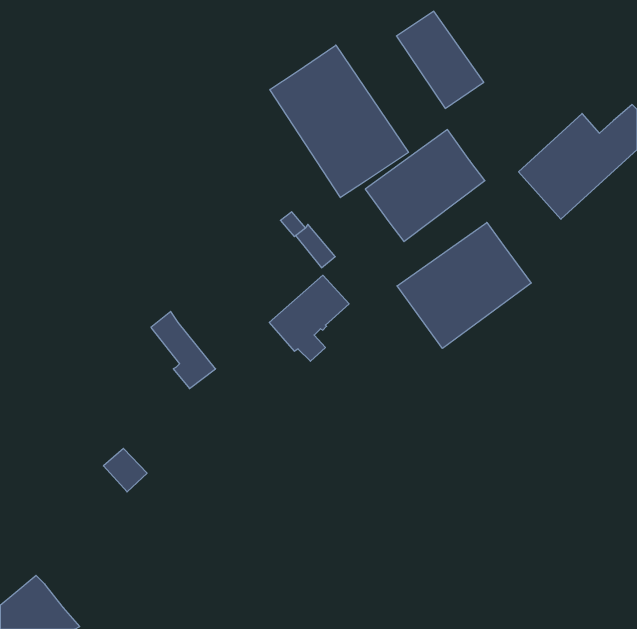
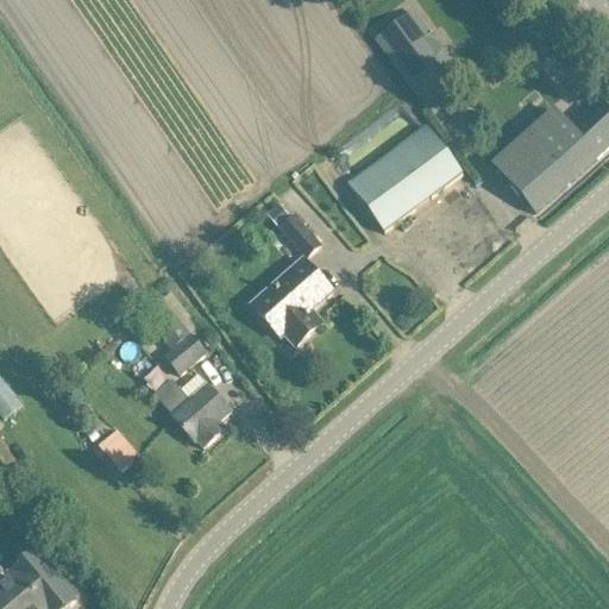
building: [270,45,408,198] -> none
building: [397,222,531,348] -> none
building: none -> [155,373,232,446]

